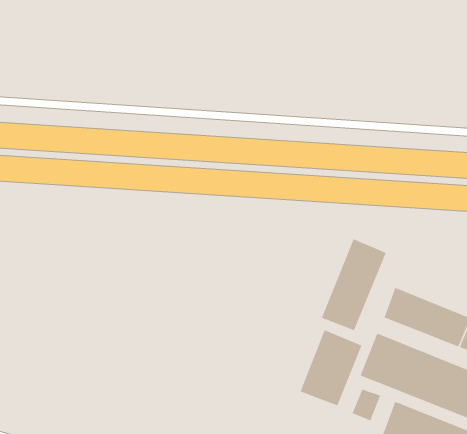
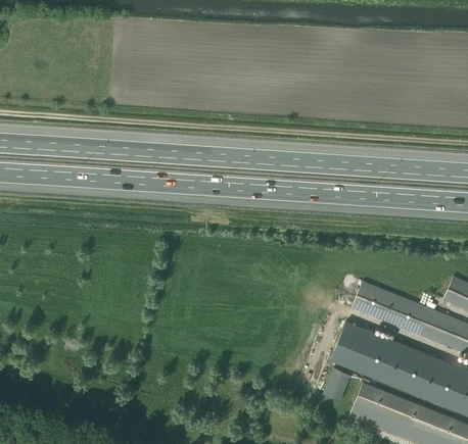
building: [321,238,387,331] -> none
building: [299,329,363,406] -> none

